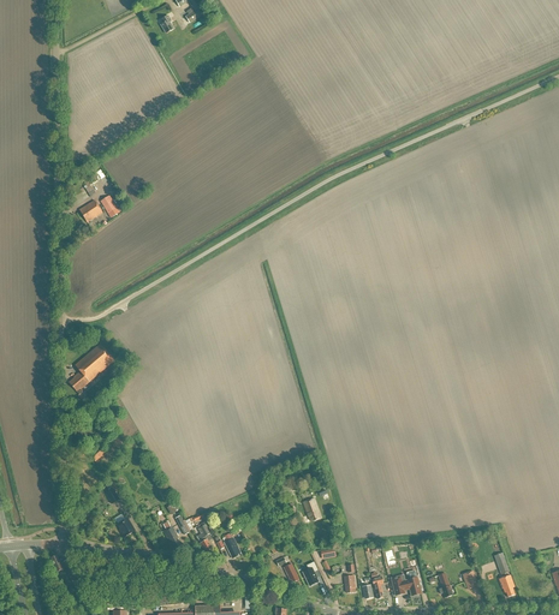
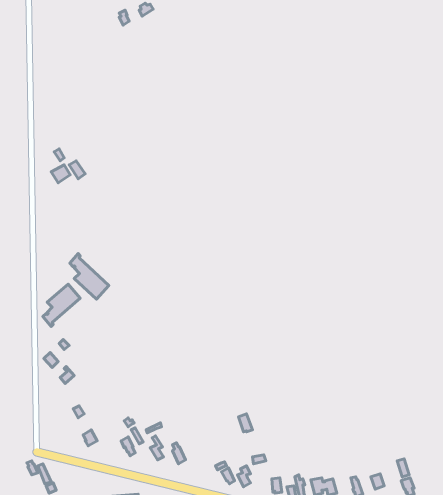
building: none -> [70,254,109,299]

